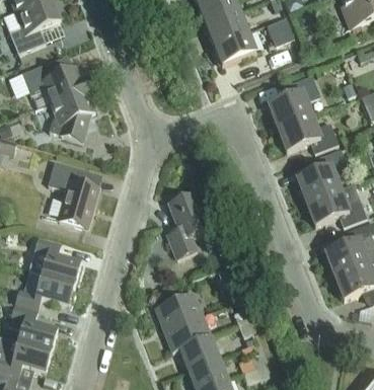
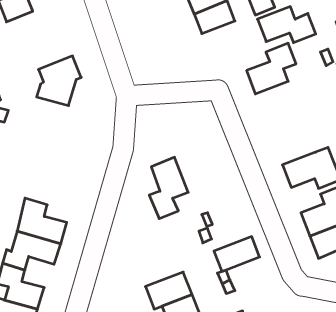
building: [21,63,86,107] -> none
building: [277,114,338,152] -> [257,7,316,43]
building: [296,149,348,202] -> none
building: [47,160,97,227] -> none
building: [154,292,202,328] -> [214,237,260,272]

